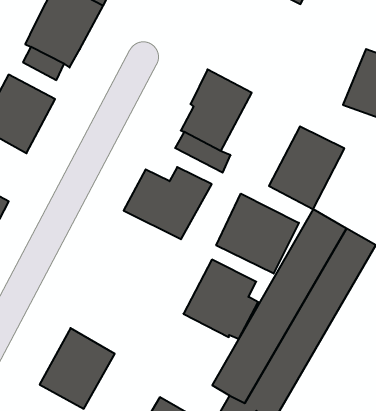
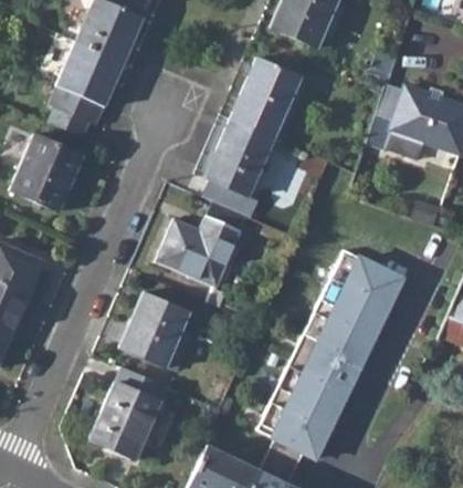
building: [269,126,344,209] -> [231,56,303,137]
building: [216,194,299,274] -> none
building: [183,260,258,339] -> [120,293,193,370]

